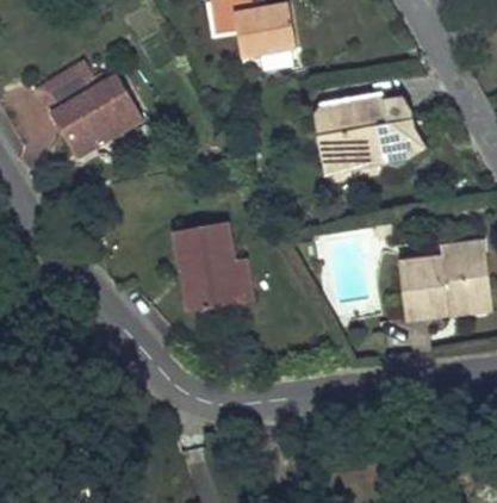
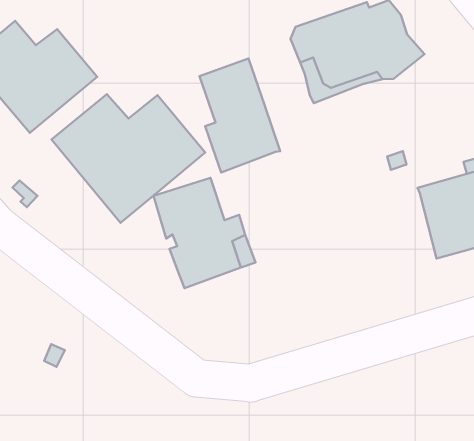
building: none -> [199,58,280,172]
building: none -> [51,94,205,223]

